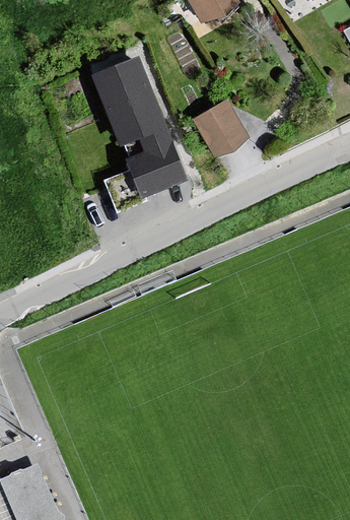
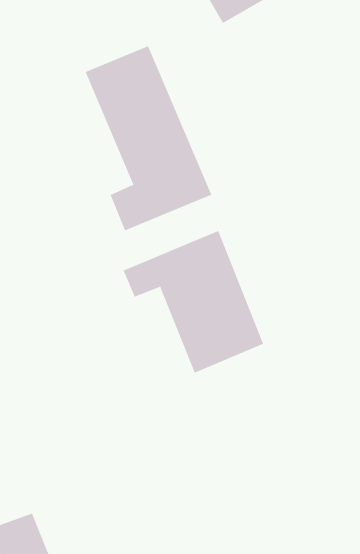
building: [189,99,248,159] -> none
building: none -> [123,230,264,373]

